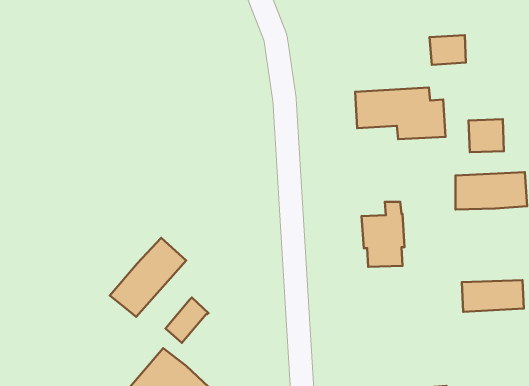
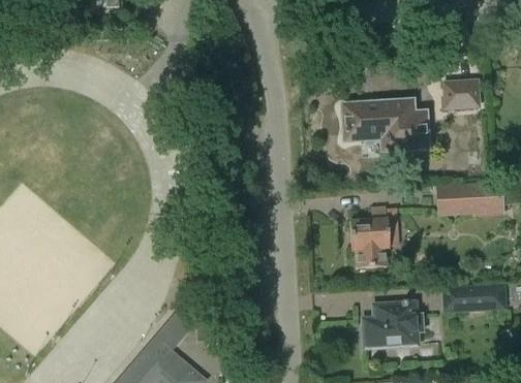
building: [430,35,466,65] -> [438,85,472,113]
building: [110,238,186,317] -> none
building: none -> [364,302,422,346]

